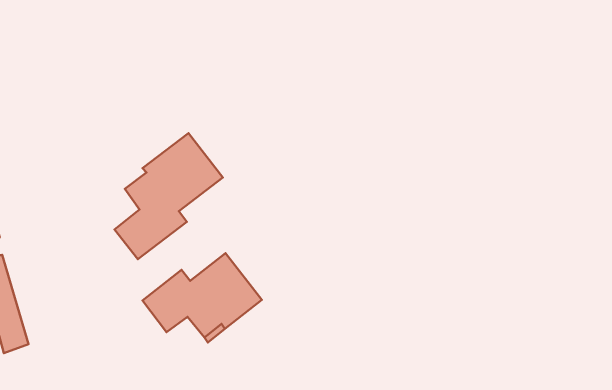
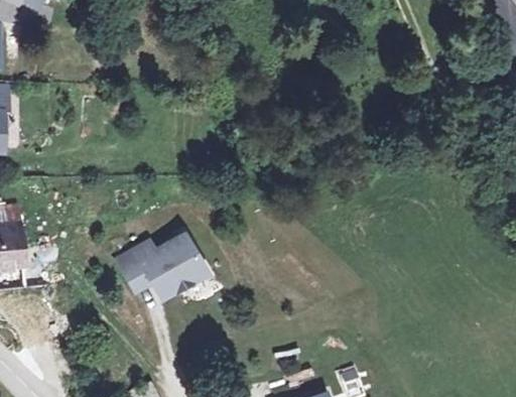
building: [114,133,223,259] -> none

